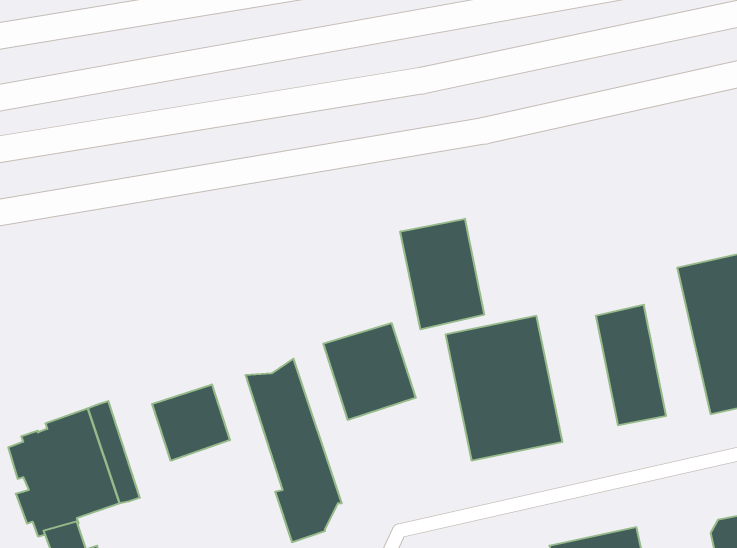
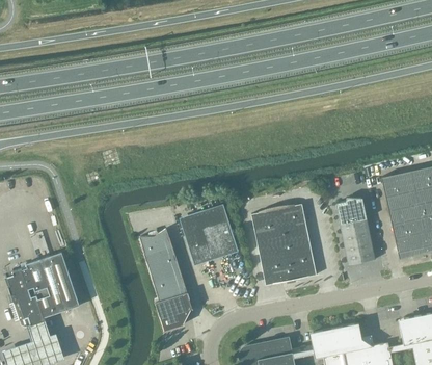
building: [400,219,484,329] -> none
building: [152,384,230,461] -> none

